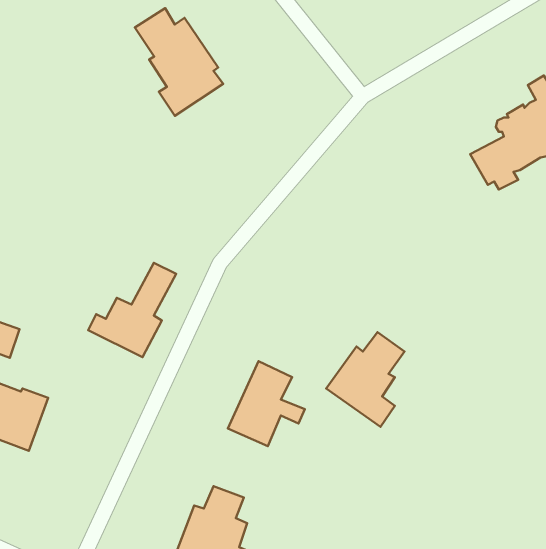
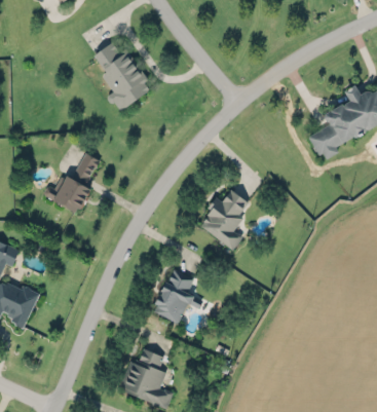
building: [88,263,176,357] -> [43,152,100,213]
building: [326,332,405,427] -> [198,189,249,250]

